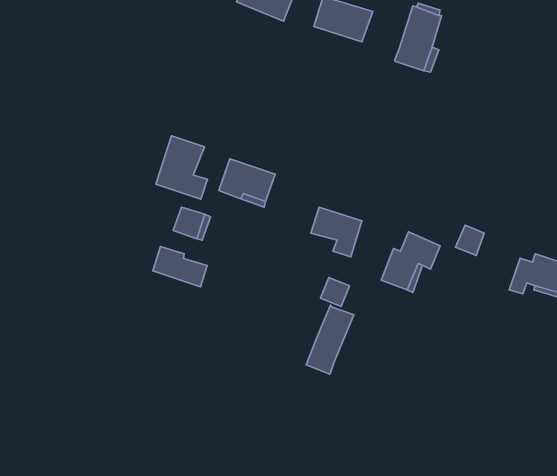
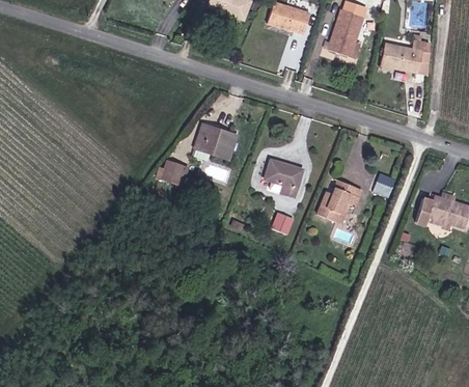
building: none -> [380,39,430,75]
building: [156,136,208,199] -> none
building: [153,247,207,287] -> none
building: [306,305,354,374] -> none

